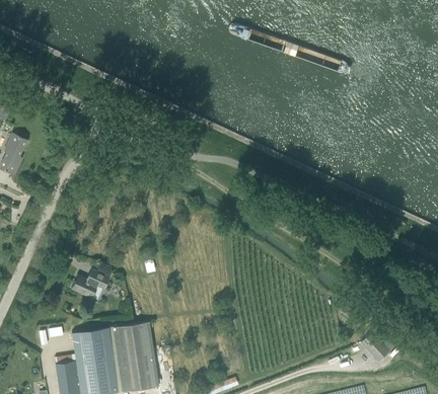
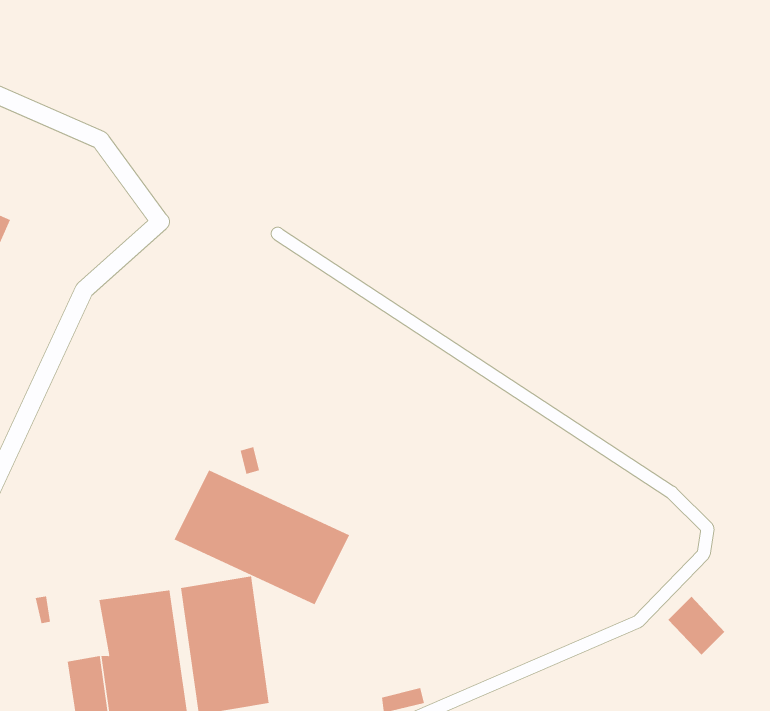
building: none -> [174,470,350,605]
building: [73,269,110,298] -> none

